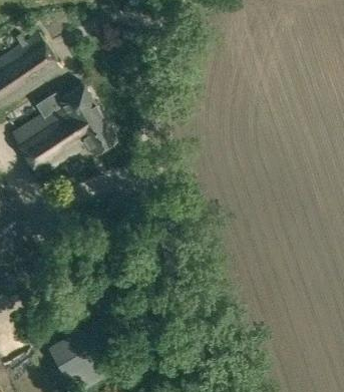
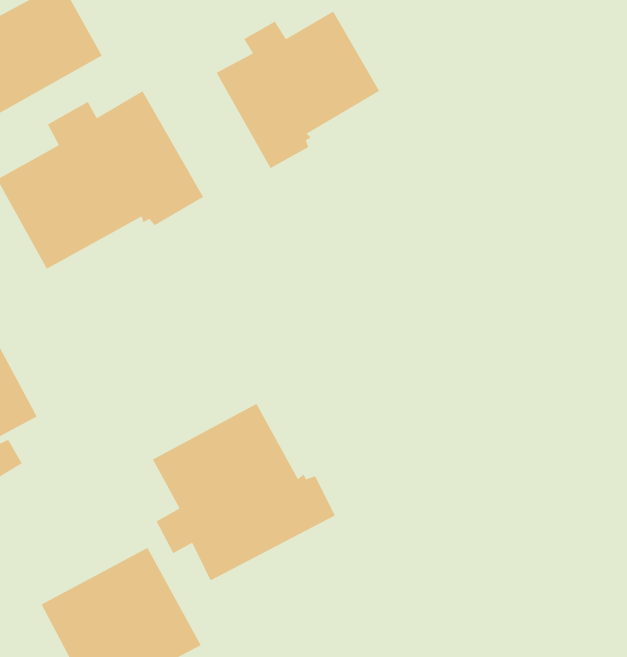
building: none -> [216,11,380,169]
building: none -> [152,403,336,582]

